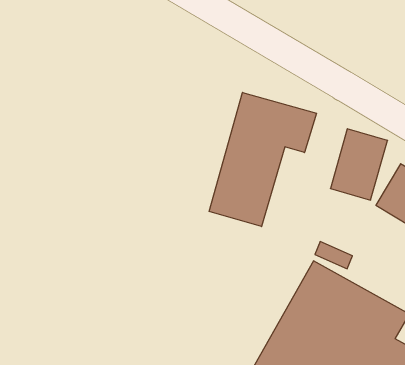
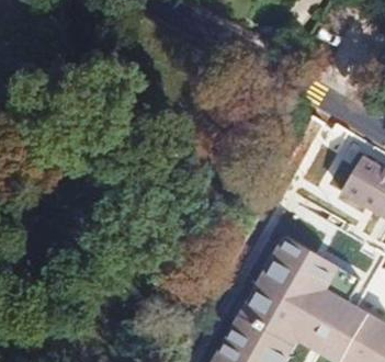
building: [209,92,317,227] -> none

